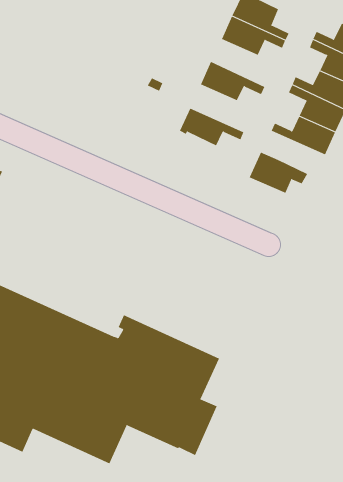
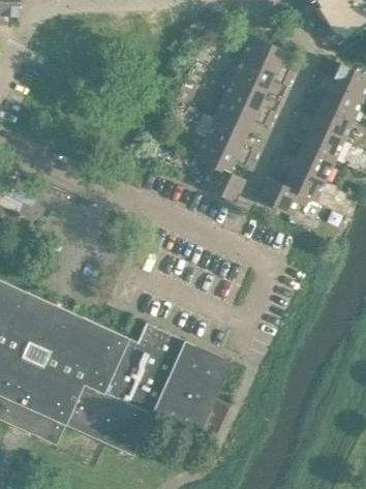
building: none -> [223,77,275,119]
building: none -> [205,117,256,159]
building: none -> [274,158,326,202]
building: none -> [199,159,245,201]

